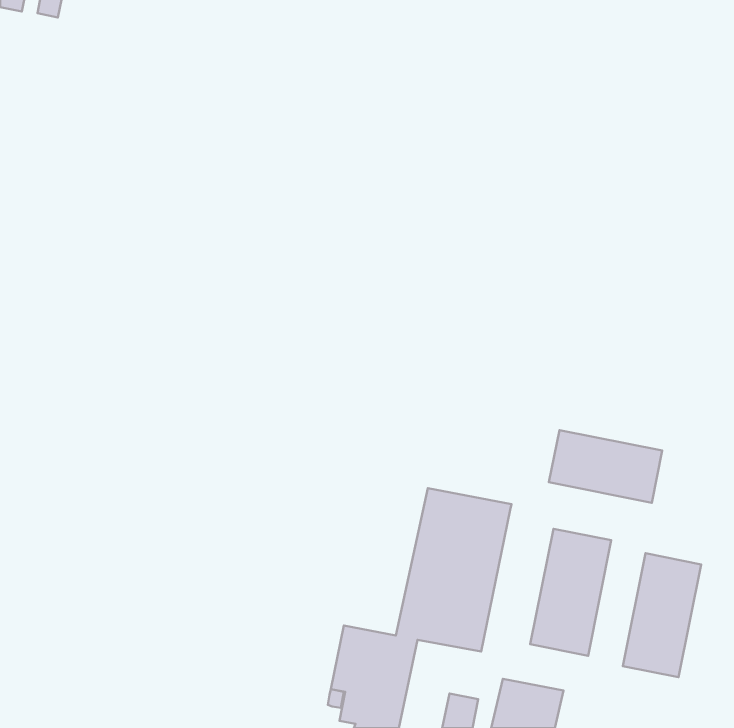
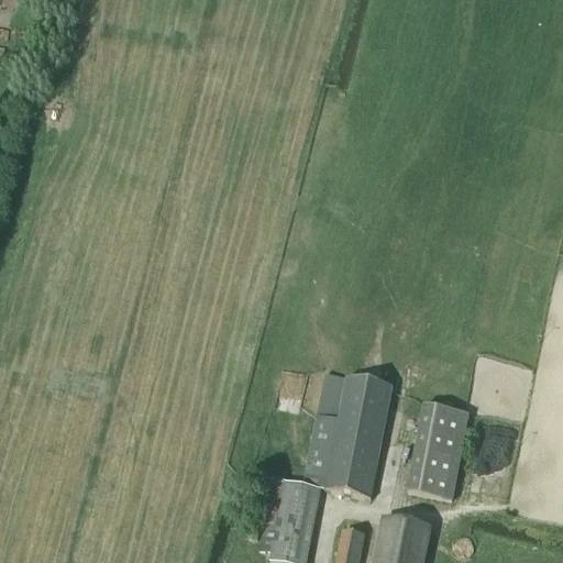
building: [549,430,662,503] -> none
building: [623,553,701,677] -> none

